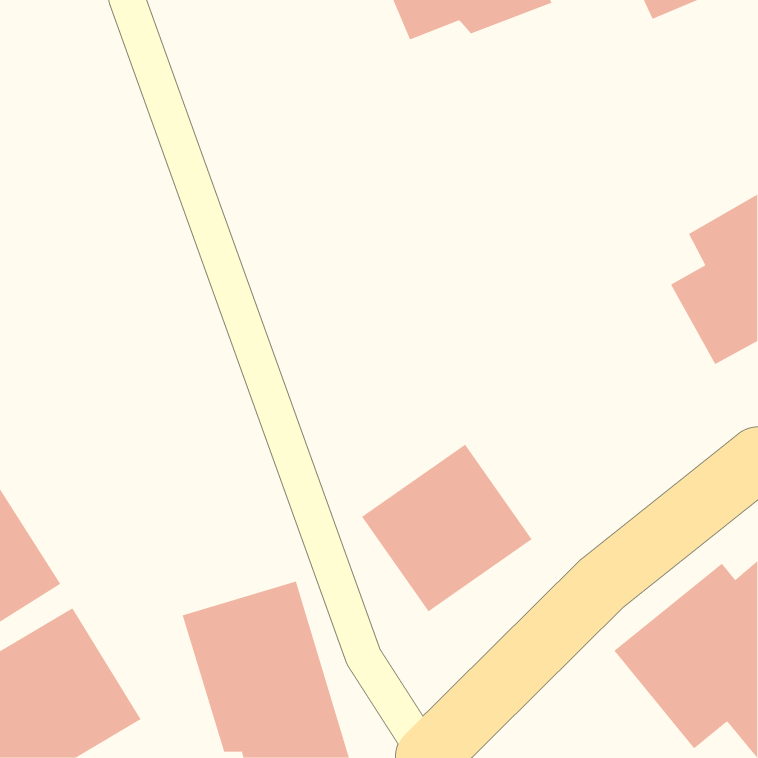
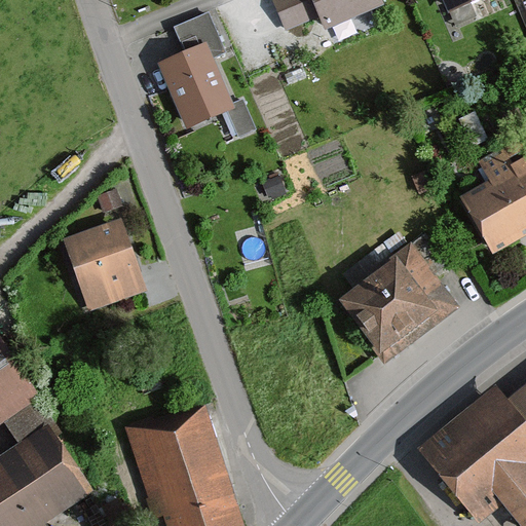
building: none -> [160,16,256,143]
building: none -> [63,221,145,312]
building: [361,444,532,612] -> [339,243,457,360]

